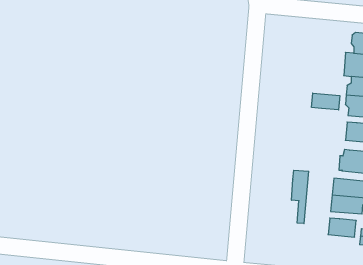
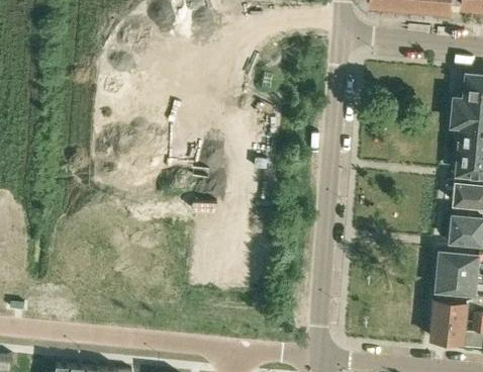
building: [312,93,340,110] -> none
building: [292,170,309,224] -> none
building: none -> [430,319,465,343]

